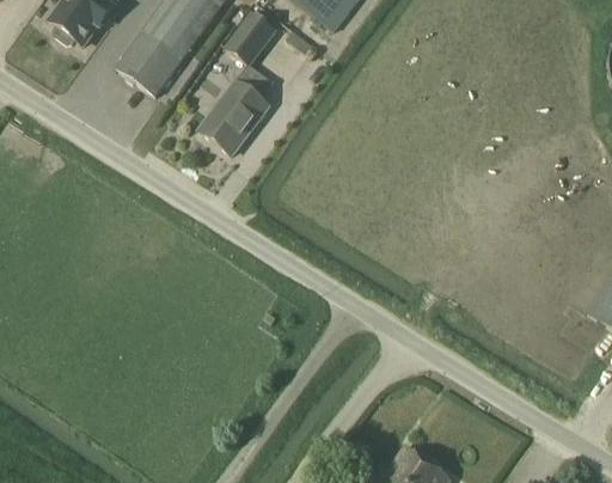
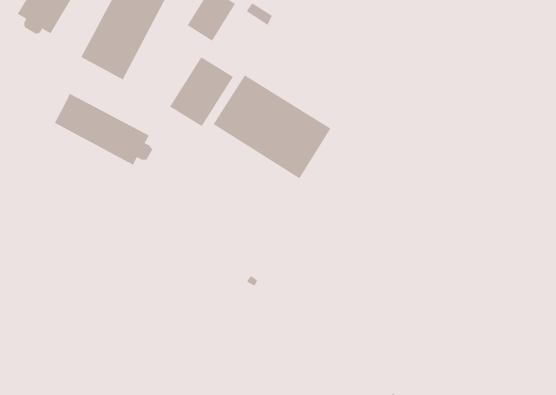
building: none -> [213,75,331,179]
building: none -> [54,93,153,165]

